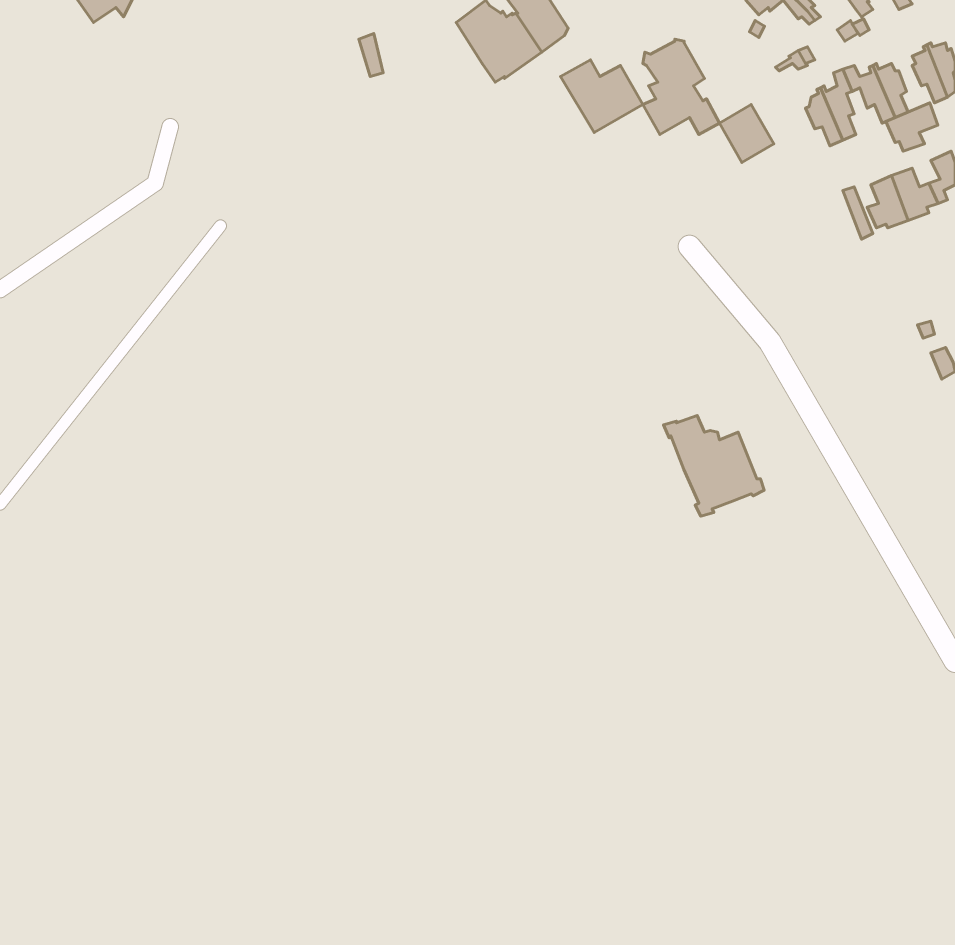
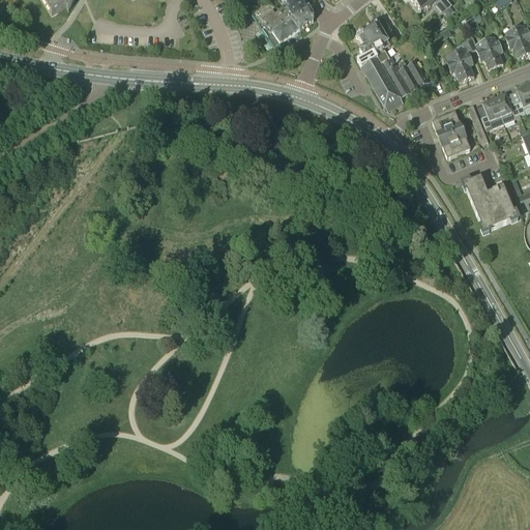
building: [561,60,643,133] -> [365,65,411,106]
building: [886,103,938,151] -> none
building: none -> [432,111,470,157]
building: [663,415,764,516] -> [462,176,518,232]

